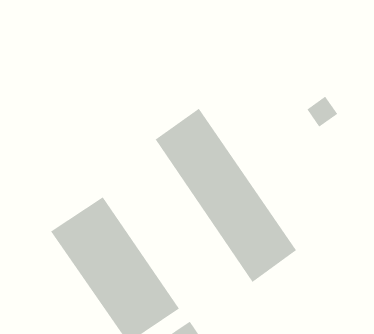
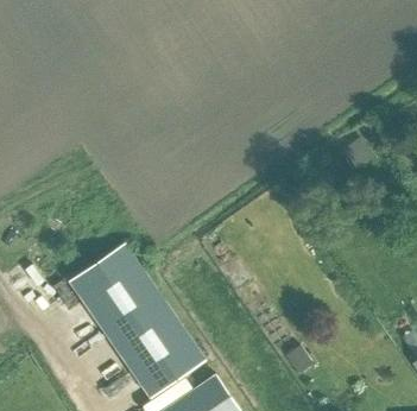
building: [155,108,297,283] -> none

